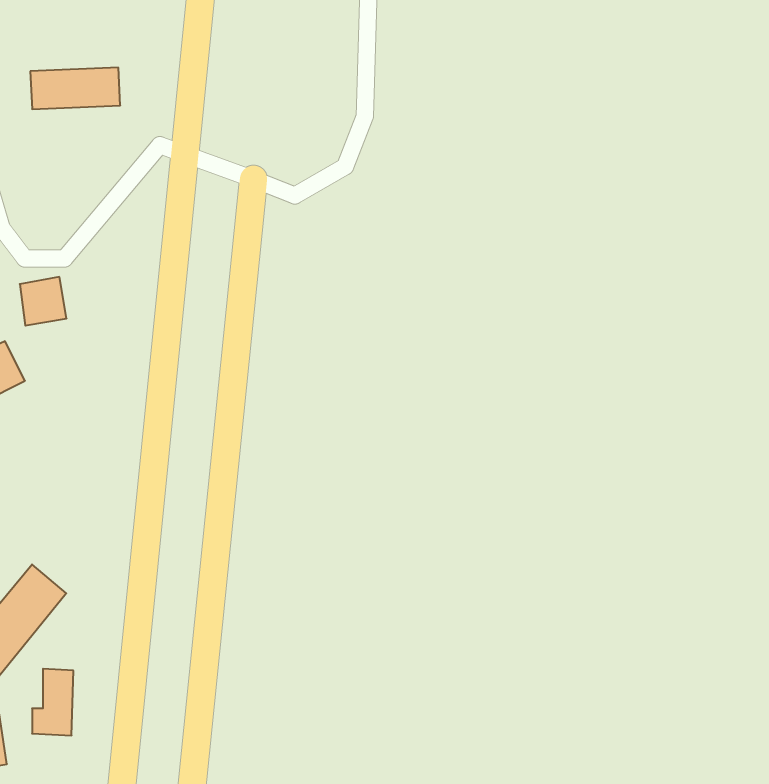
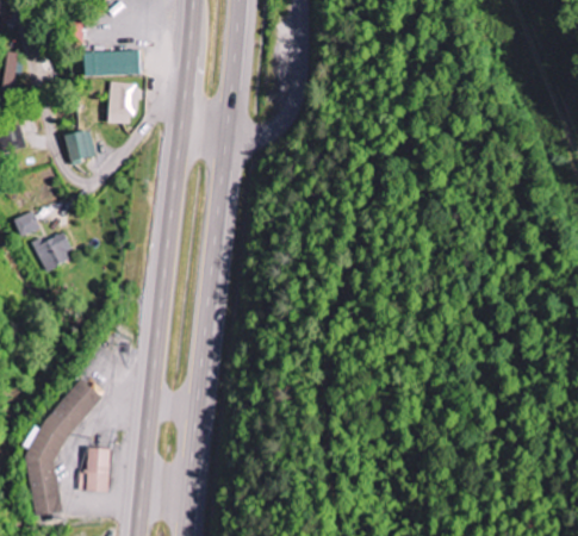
building: none -> [105,82,136,124]
building: [20,277,67,326] -> [63,130,94,162]

